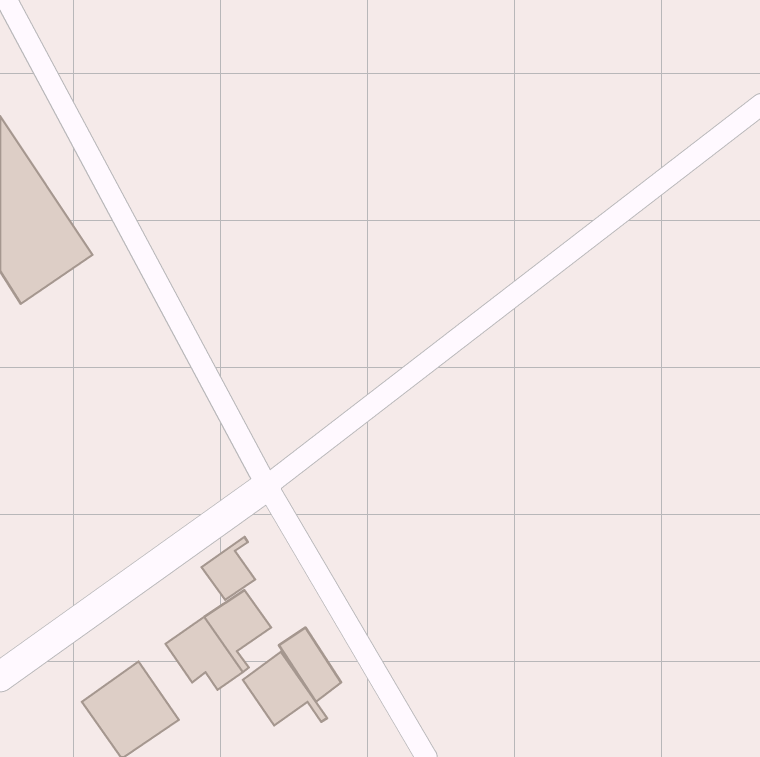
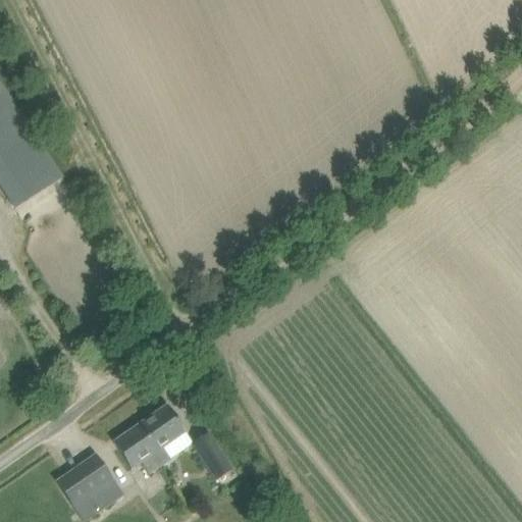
building: [201,537,255,600] -> none
building: [243,652,327,725] -> none

